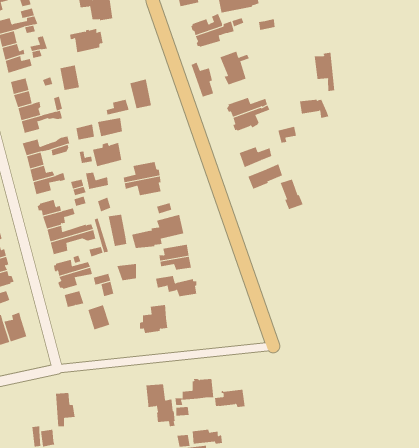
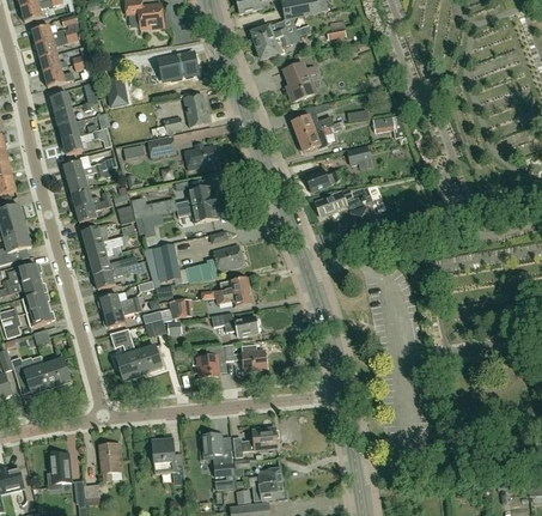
building: [69,28,103,53] -> [159,53,197,80]
building: [314,52,335,92] -> none
building: [191,62,214,98] -> none
building: [92,142,122,167] -> [184,142,218,170]
building: none -> [224,344,267,371]
building: none -> [116,351,144,380]
building: none -> [152,439,184,485]
building: [214,389,245,408] -> [248,467,282,487]
building: none -> [48,454,72,487]

